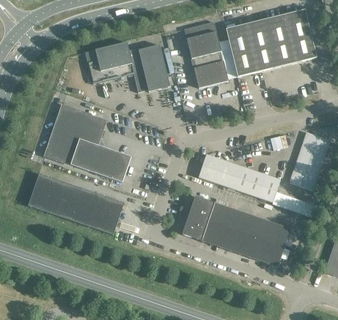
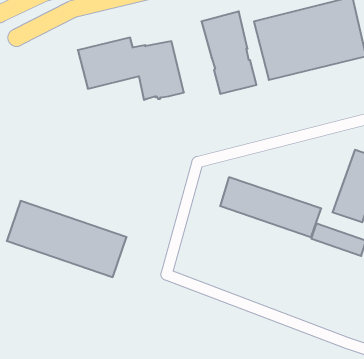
building: [45,105,131,182] -> none
building: [182,196,291,266] -> none

